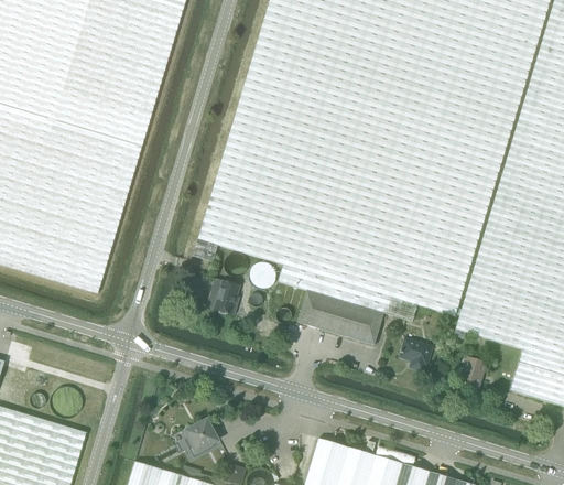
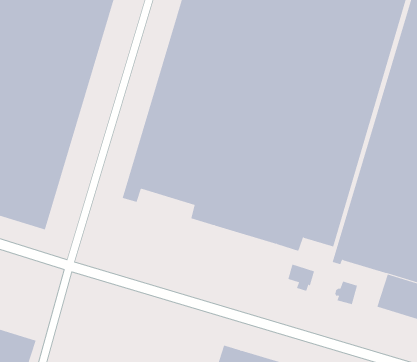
building: [205,278,239,314] -> none
building: [296,290,383,345] -> none
building: [186,420,217,451] -> none

